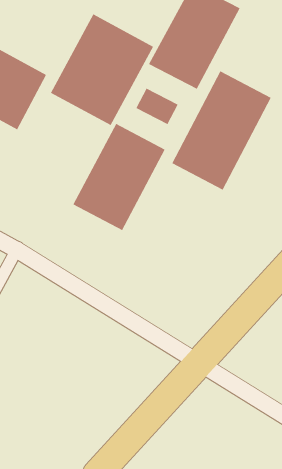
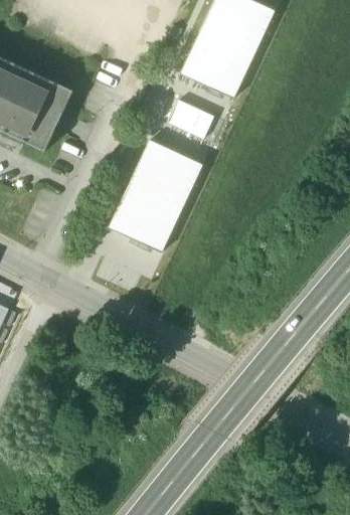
building: [50,14,154,126] -> none
building: [172,71,272,191] -> none

